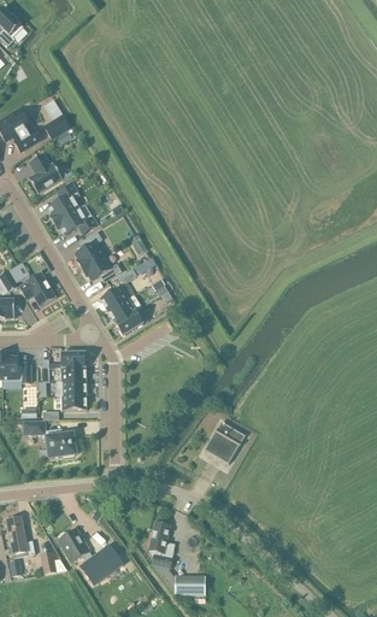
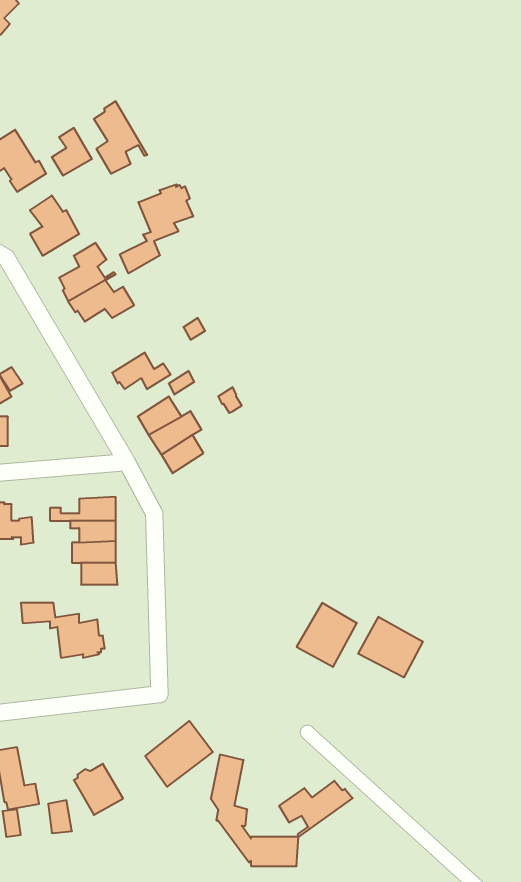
building: none -> [94,101,147,174]
building: none -> [120,184,193,273]
building: [75,233,105,270] -> none
building: [19,272,55,307] -> none
building: none -> [358,617,423,677]
building: none -> [279,781,353,837]
building: [79,542,124,586] -> [145,721,213,787]

